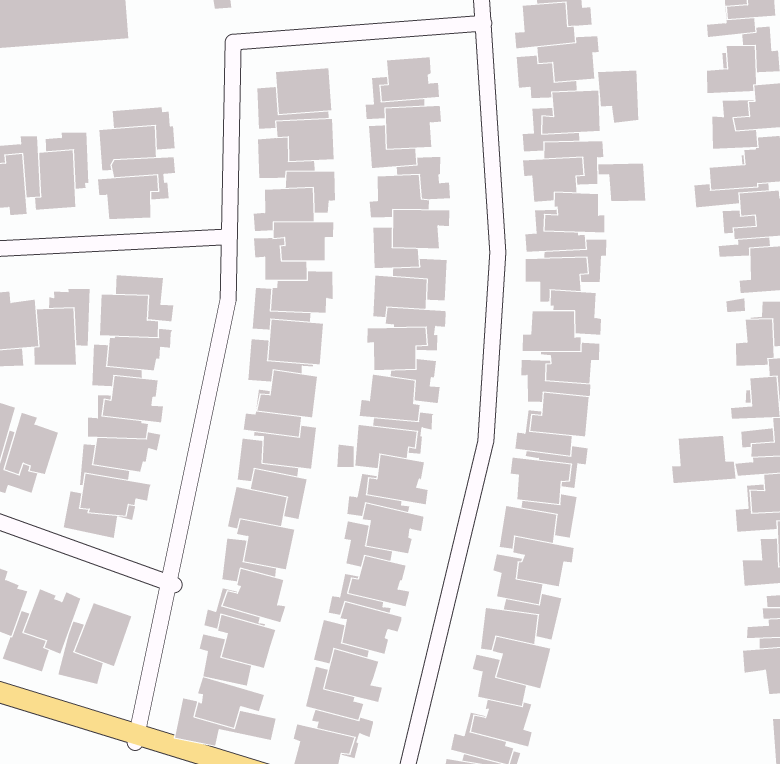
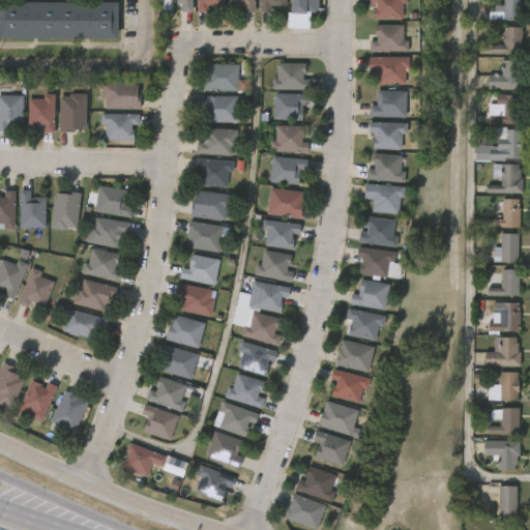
building: [598,70,639,123] -> none
building: [598,163,646,202] -> none
building: [671,435,736,484] -> none

